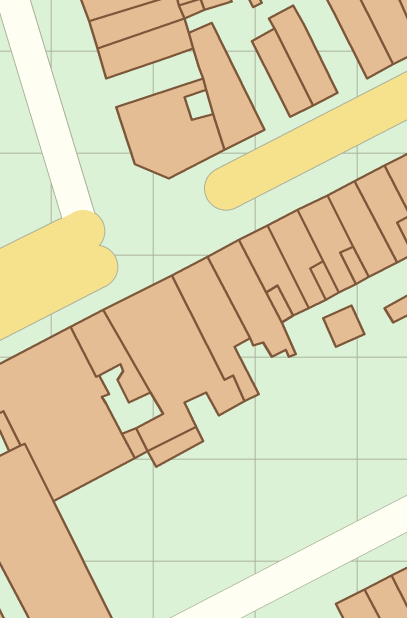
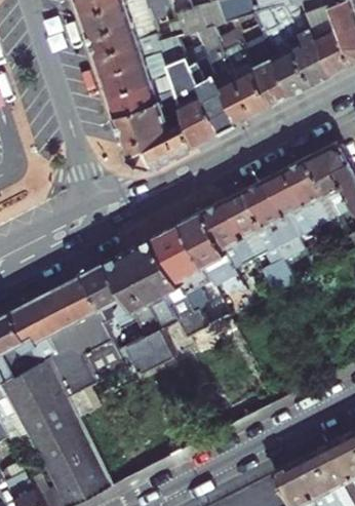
building: none -> [249,47,294,106]
building: none -> [188,57,239,132]
building: none -> [107,80,176,116]

